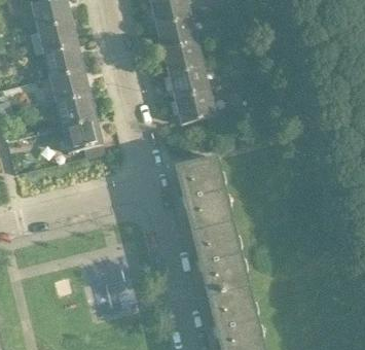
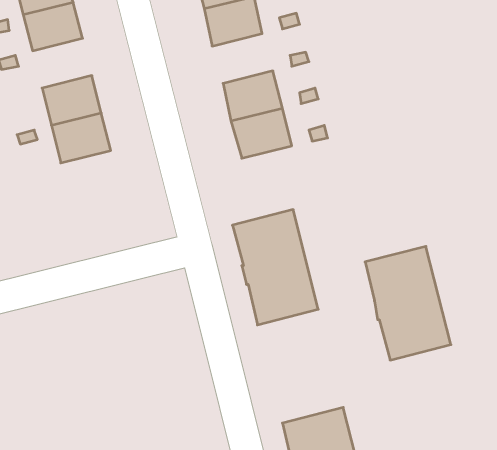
building: [162,39,203,72] -> none
building: [44,42,83,75] -> none
building: [63,116,102,150] -> none
building: [192,221,249,296] -> [365,246,451,360]

